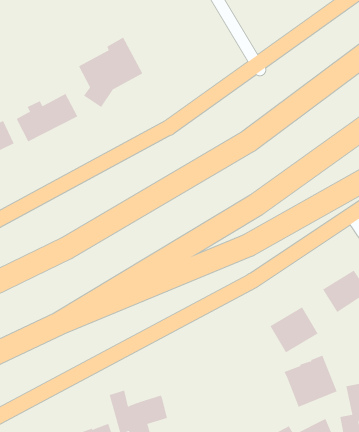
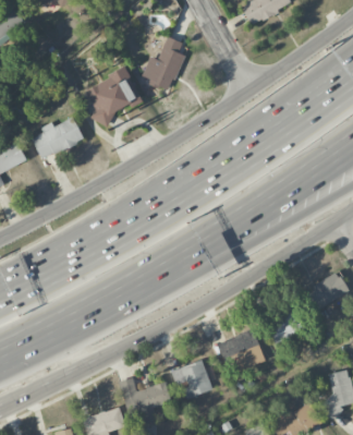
building: none -> [146,36,188,89]
building: [284,355,338,408] -> [217,328,265,375]
building: none -> [170,360,211,399]

